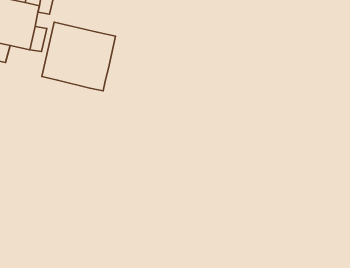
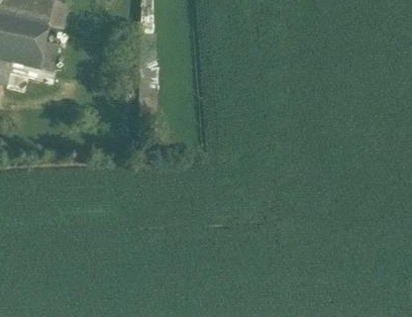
building: [42,22,116,91] -> none

